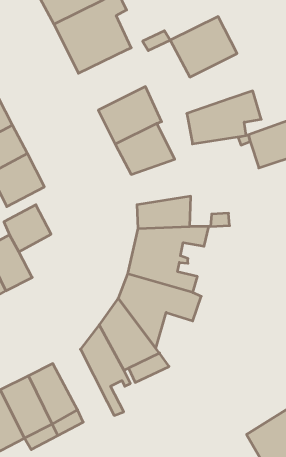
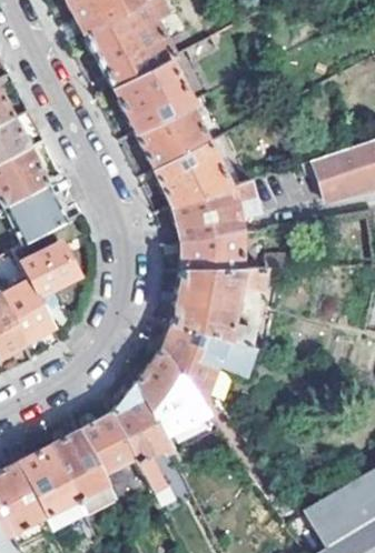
building: [170,17,237,77] -> [111,60,190,131]
building: [187,91,261,144] -> [174,180,261,242]
building: none -> [81,412,145,479]

